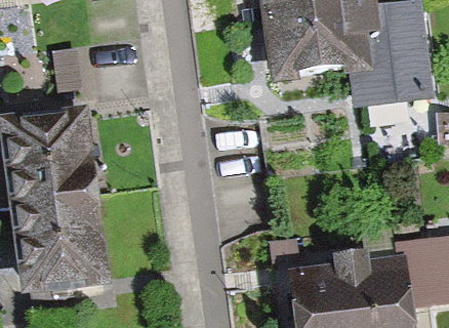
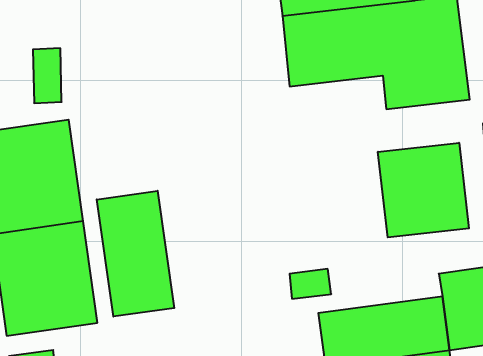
building: none -> [378,143,469,237]
building: none -> [97,191,174,317]

